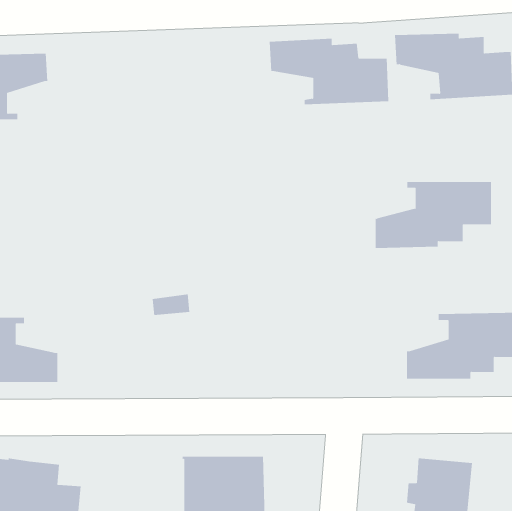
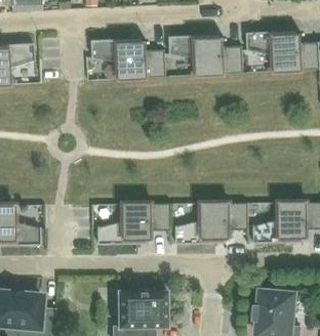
building: none -> [91,38,166,79]
building: [375,182,492,248] -> [176,203,248,244]
building: none -> [98,204,171,244]

